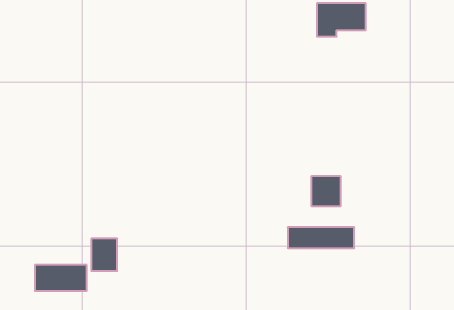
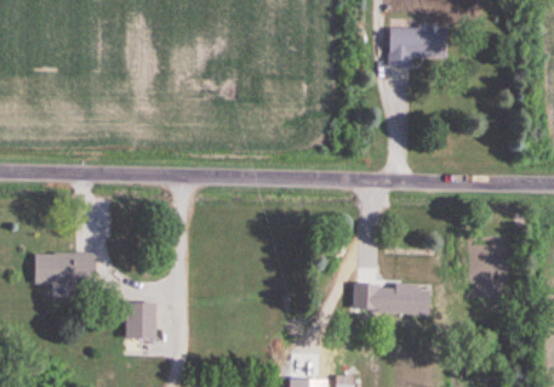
building: [312,176,340,206] -> none
building: [35,265,87,291] -> [33,252,93,283]

